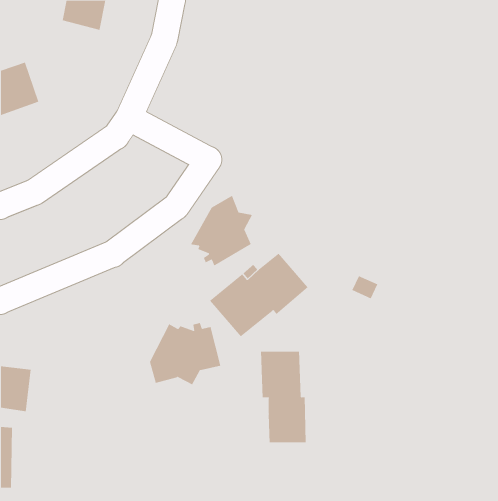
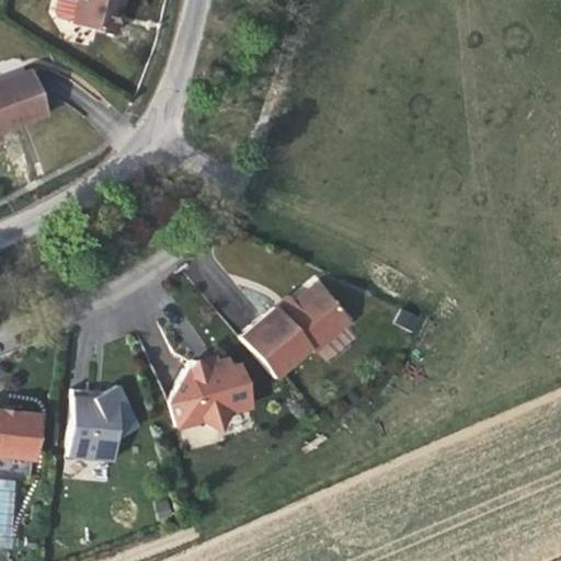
building: [190,195,253,267] -> none
building: none -> [68,387,140,463]
building: [261,351,306,443] -> none

